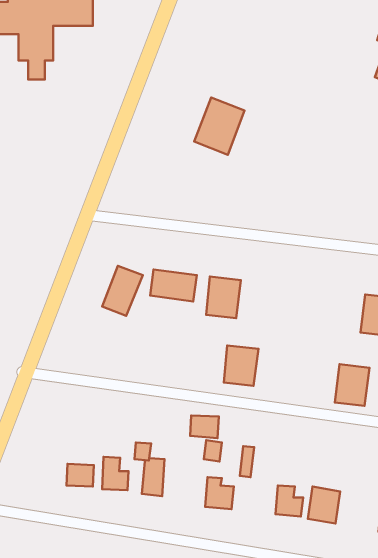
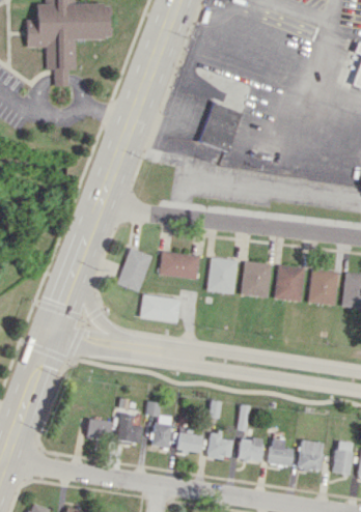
building: none -> [275,264,306,301]
building: none -> [141,294,182,321]
building: [224,345,258,386] -> [242,261,272,296]
building: [335,364,369,406] -> [309,268,339,305]
building: [190,415,219,438] -> [177,433,202,453]
building: none -> [238,437,262,462]
building: none -> [333,440,353,475]

